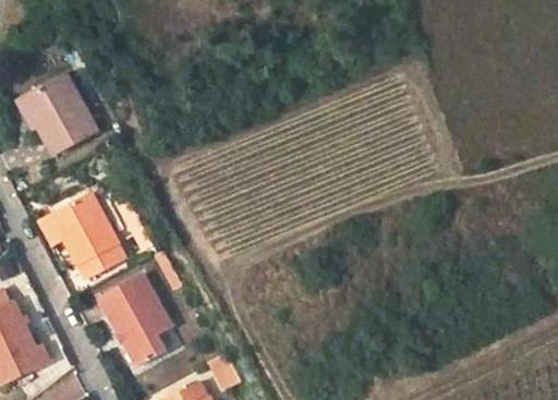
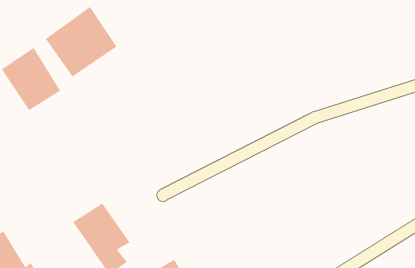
building: none -> [45,6,118,78]
building: [51,194,123,280] -> none

